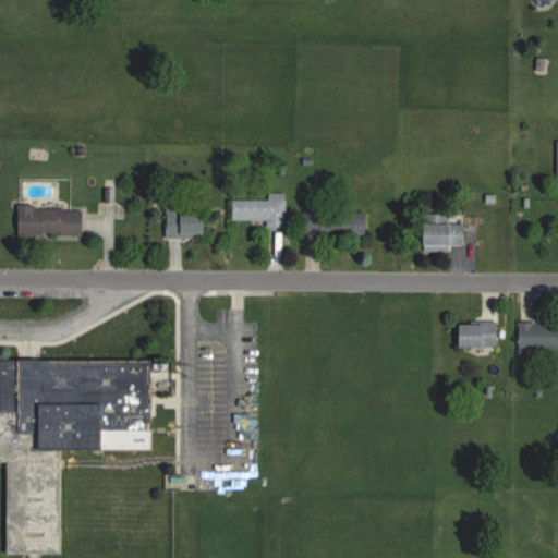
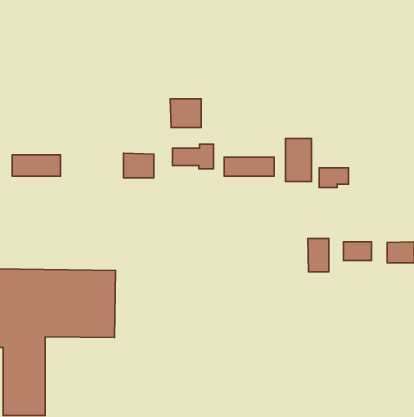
building: none -> [170,99,201,128]
building: none -> [286,139,312,182]
building: none -> [308,238,329,272]

